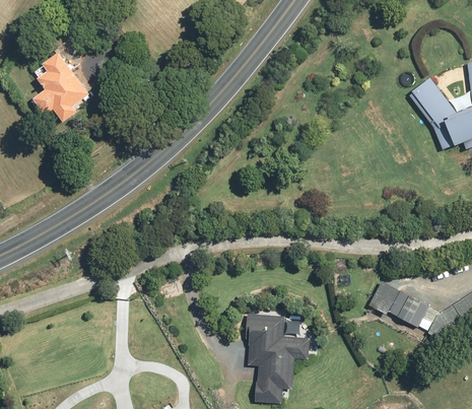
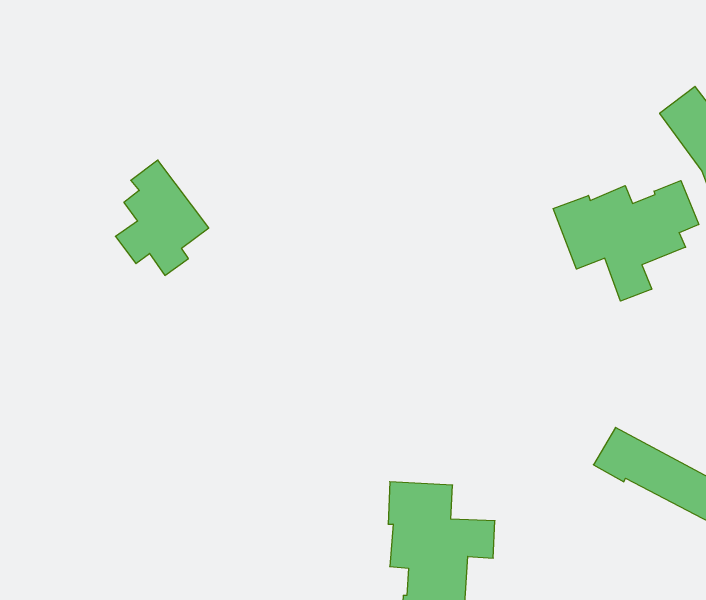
building: [32,54,88,123] -> [115,160,209,275]
building: none -> [553,181,699,301]

